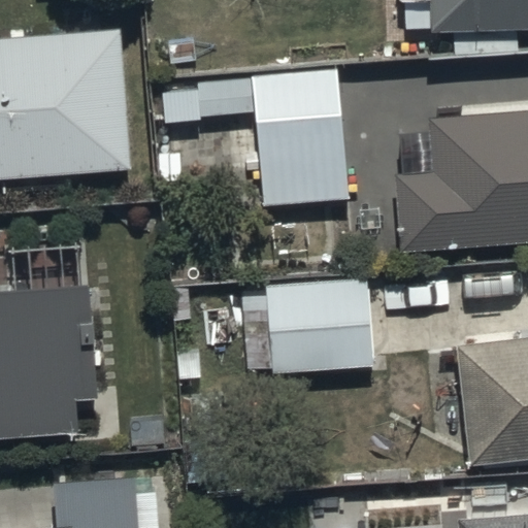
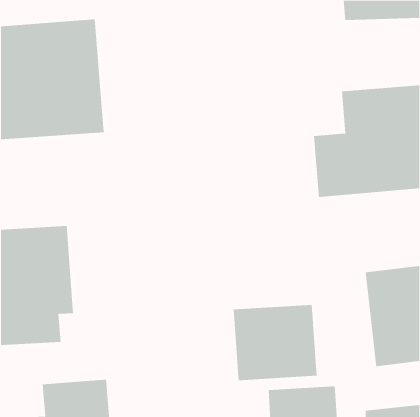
building: [162,69,349,205] -> none
building: [266,277,372,373] -> [233,304,317,381]

